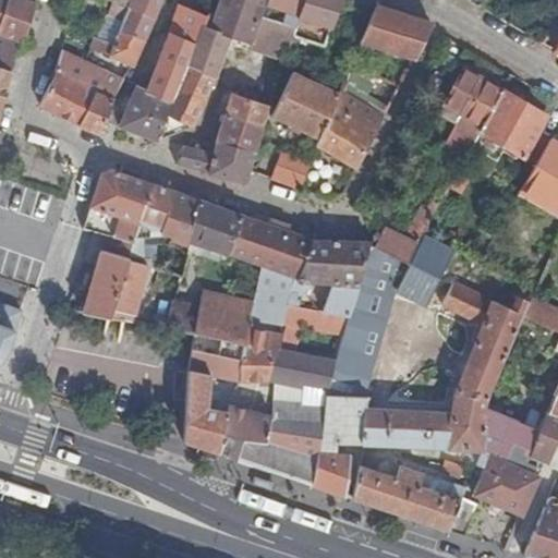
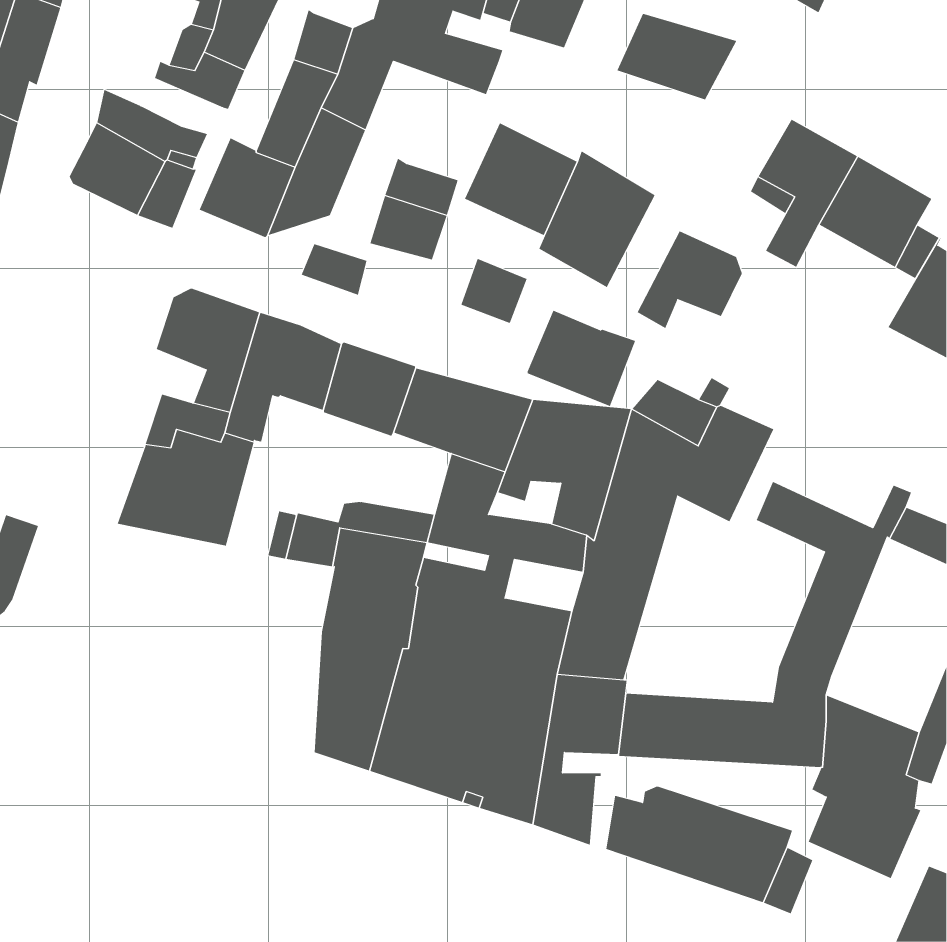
building: none -> [637,230,742,329]
building: [210,143,254,184] -> none
building: none -> [527,310,636,407]

